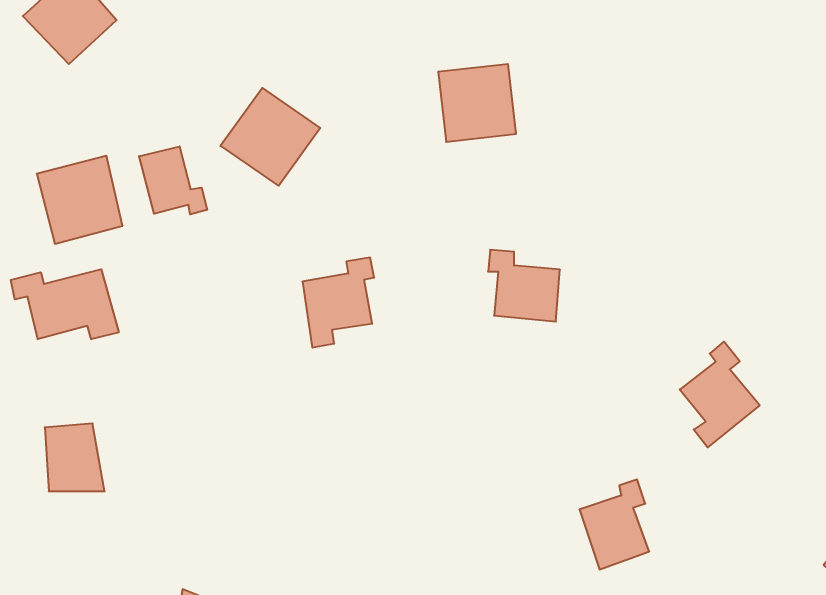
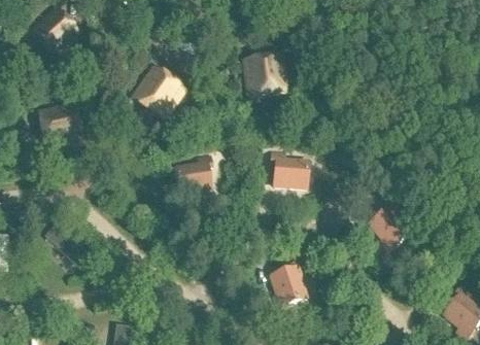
building: [139,146,207,214] -> none
building: [11,269,119,339] -> none
building: [579,480,649,569] -> [272,256,308,303]

